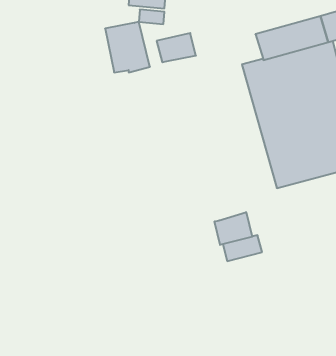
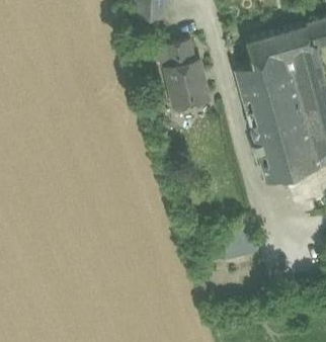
building: [105,22,150,72] -> [167,61,208,106]
building: [215,212,252,245] -> none

